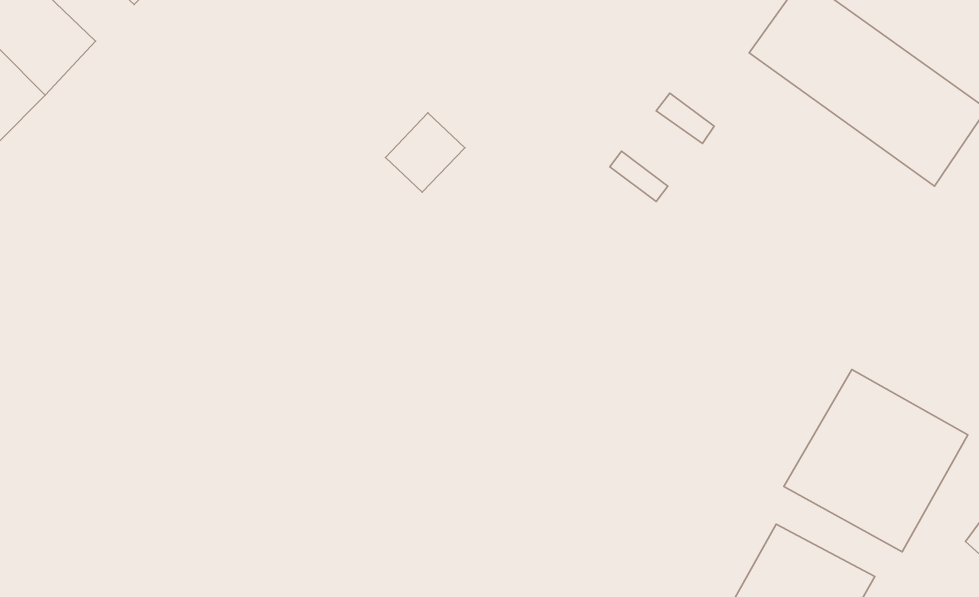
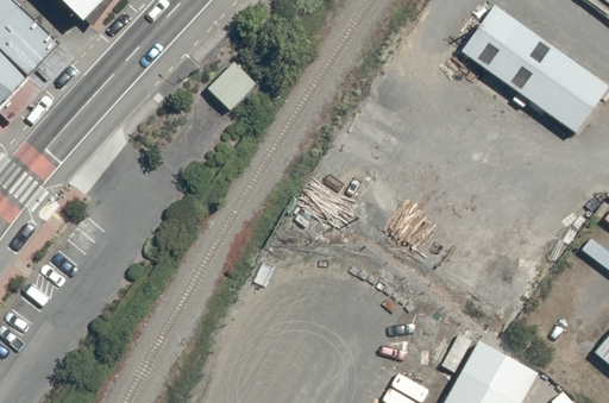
building: [385,113,465,192] -> [208,61,257,109]
building: [784,370,968,552] -> none

